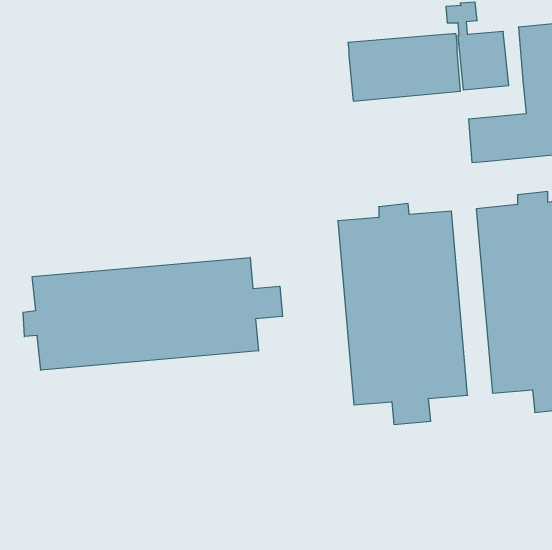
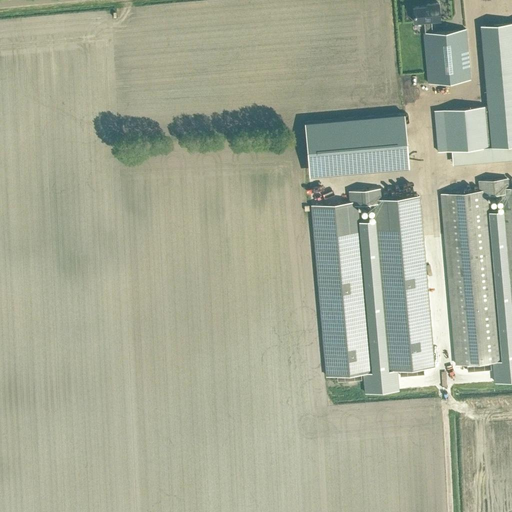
building: [348,34,460,101] -> [305,116,409,178]
building: [23,257,282,370] -> none

